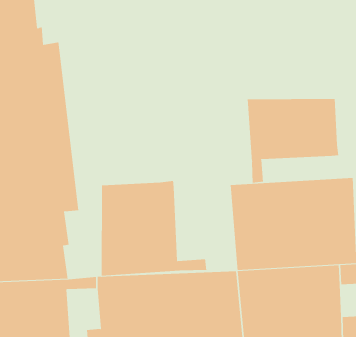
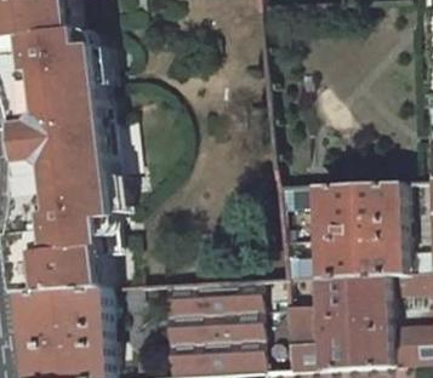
building: [247,98,339,183] -> none
building: [101,180,207,276] -> none

